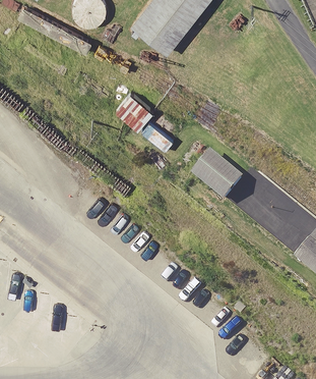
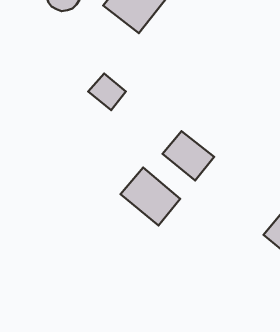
building: none -> [120,167,180,226]

